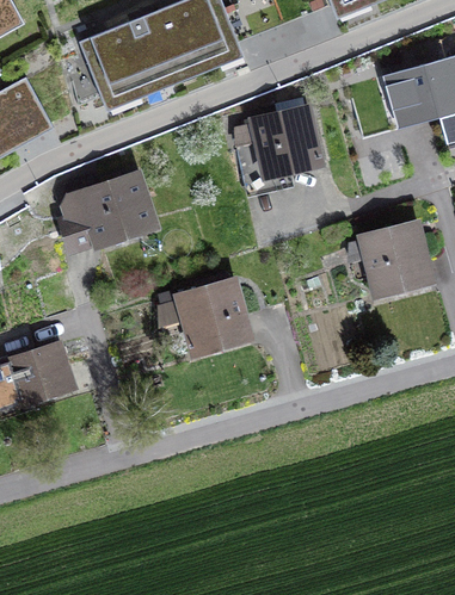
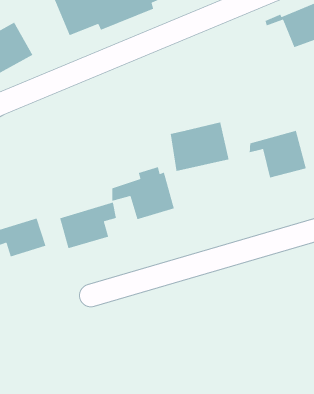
building: [235,112,318,181] -> [170,121,230,172]
building: [63,175,152,249] -> none
building: none -> [59,202,117,249]

